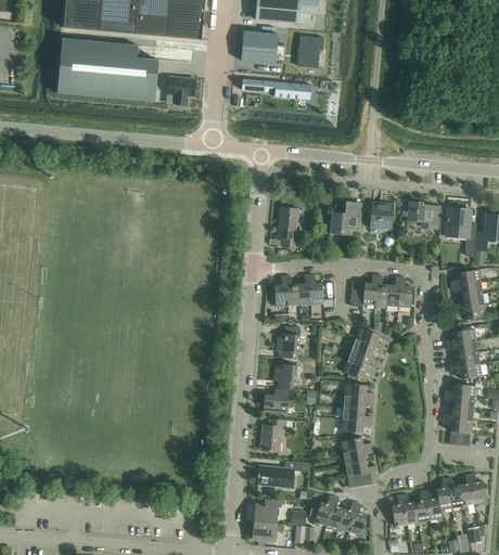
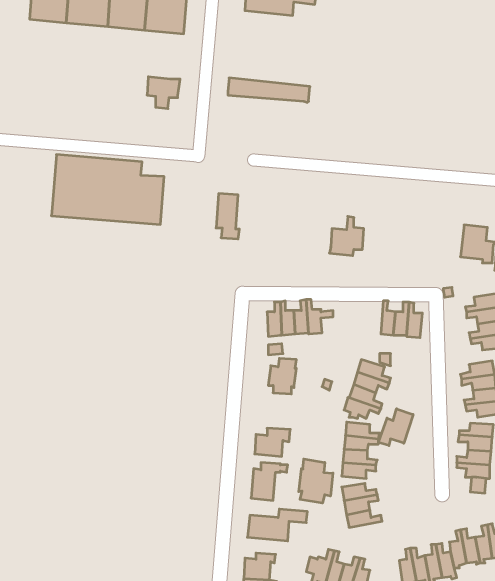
building: [241,30,278,63] -> none
building: [297,36,323,68] -> none
building: [57,39,157,101] -> [51,155,164,224]
building: [408,201,439,230] -> none
building: [370,202,393,230] -> none
building: [278,207,298,247] -> [216,194,239,239]
building: [350,274,378,307] -> none
building: [273,363,297,388] -> none
building: none -> [378,409,413,446]
building: none -> [299,459,333,503]

